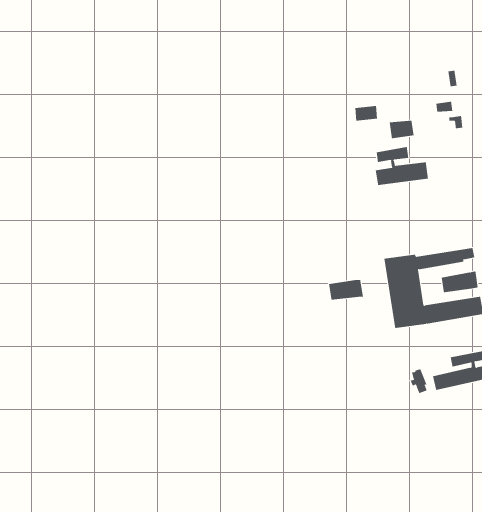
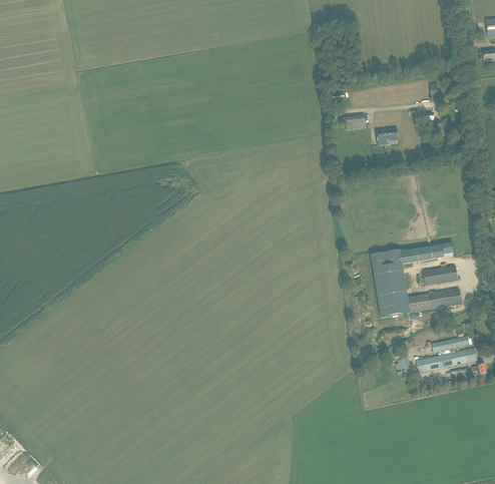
building: [375,146,428,186] -> none
building: [329,279,364,300] -> none

